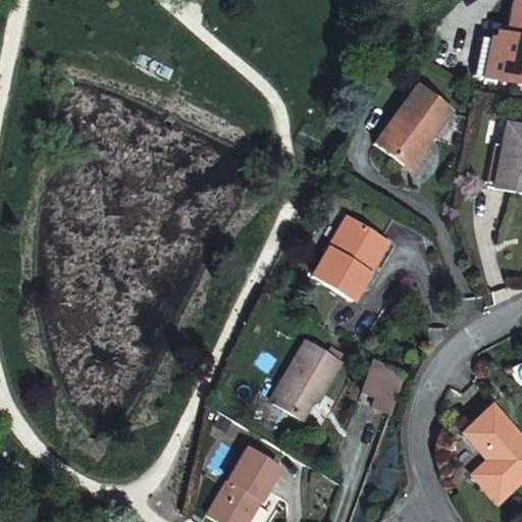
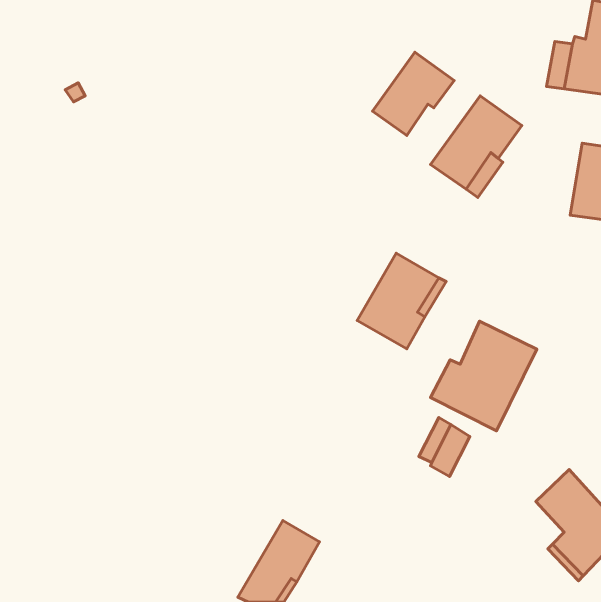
building: none -> [372,52,454,135]
building: none -> [430,321,537,431]
building: [270,342,341,418] -> none

